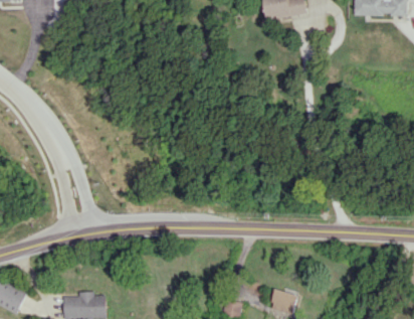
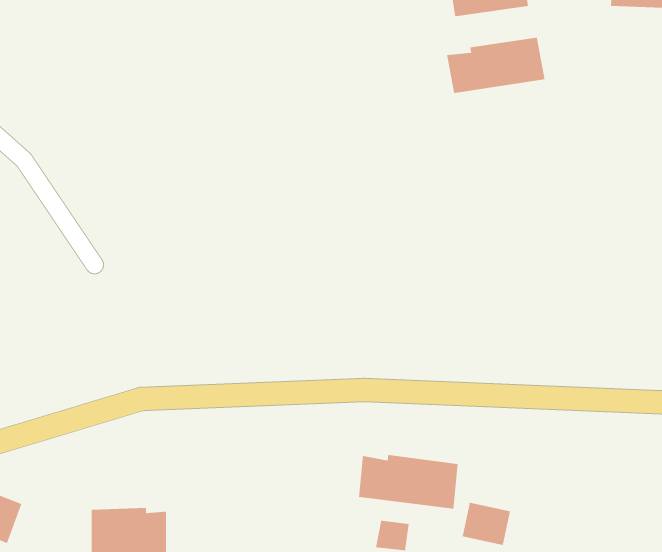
building: none -> [446,37,545,94]
building: none -> [358,454,458,509]

